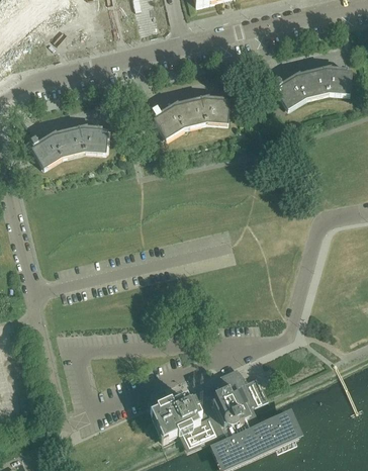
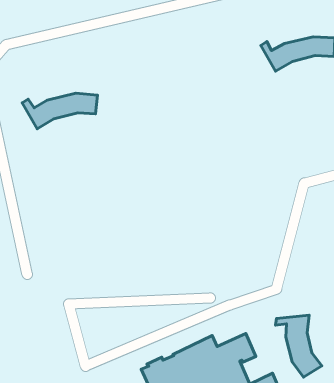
building: [150,100,225,135] -> none
building: none -> [275,315,322,377]

